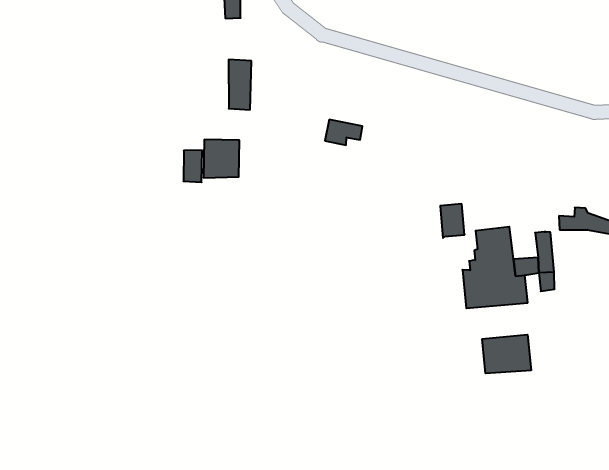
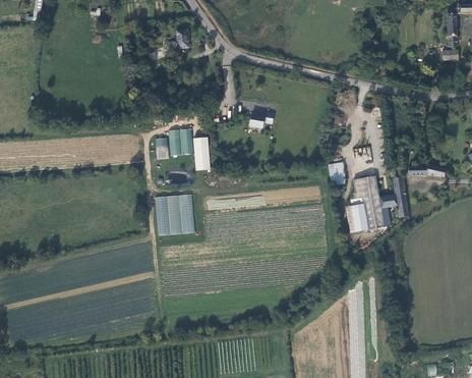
building: [229,60,251,110] -> [193,138,210,170]
building: none -> [155,194,195,236]
building: [482,335,531,373] -> none

